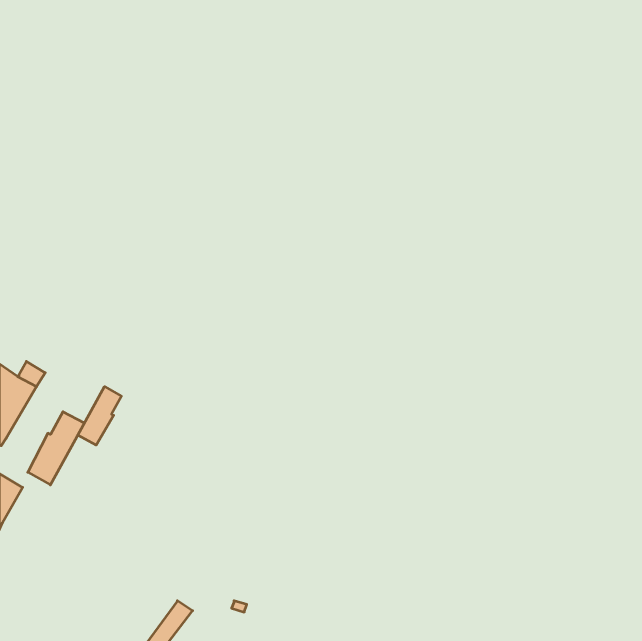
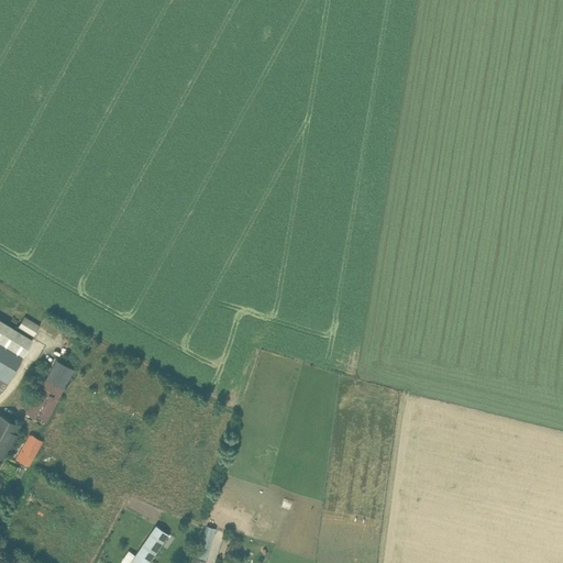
building: [78,387,121,445] -> none
building: none -> [14,435,42,467]

